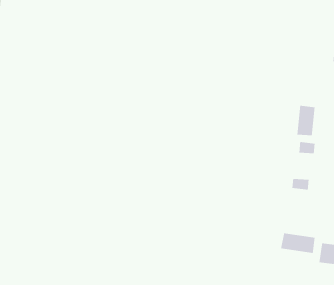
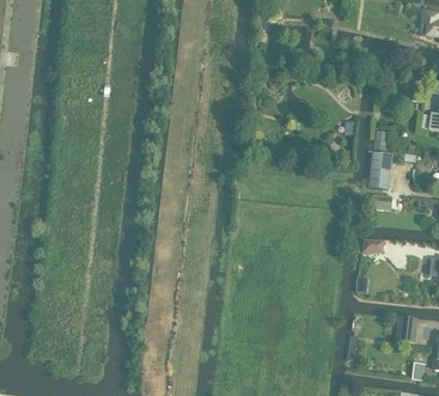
building: [280,232,316,254] -> none

